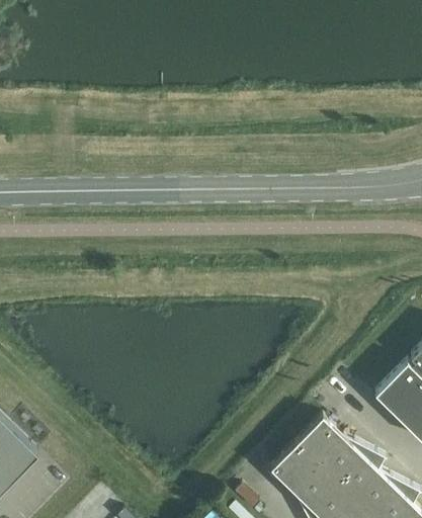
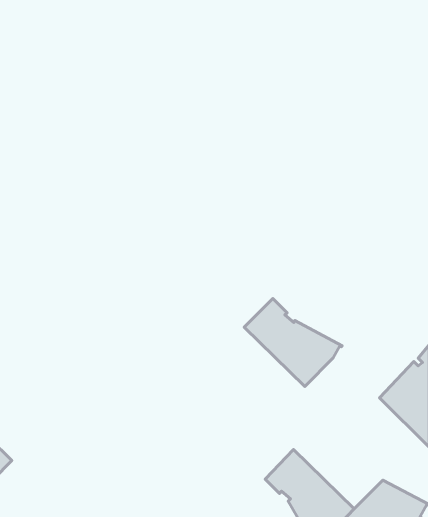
building: [297,419,387,500] -> [244,298,342,386]

